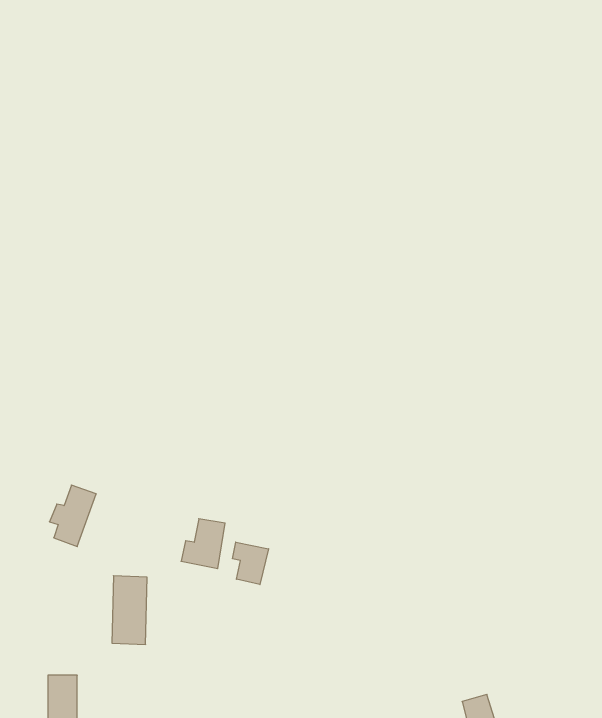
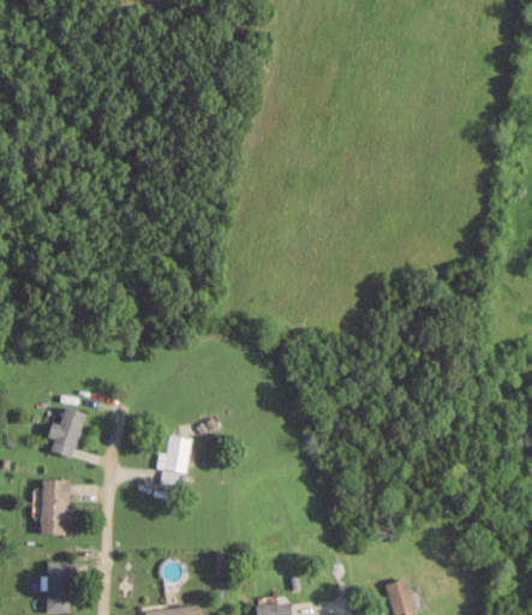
building: [233,542,269,585] -> none
building: [112,576,147,644] -> [41,479,70,536]

